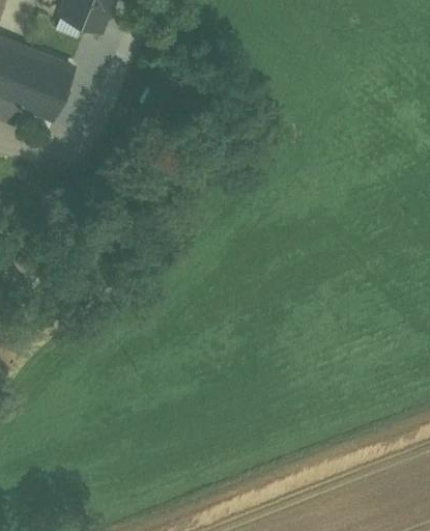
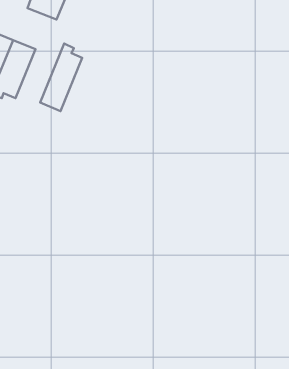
building: none -> [40,43,82,111]

